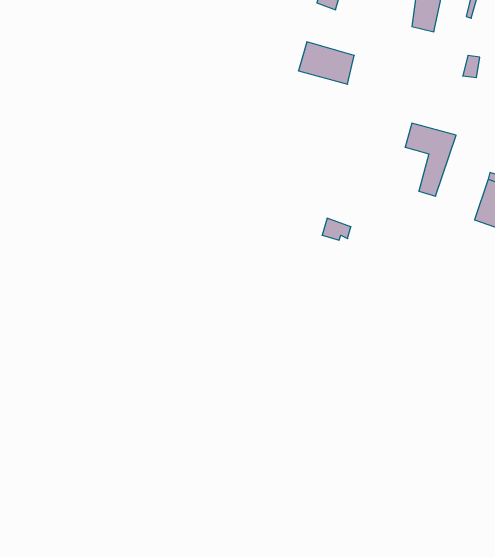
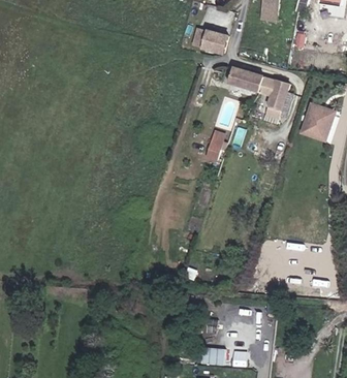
building: none -> [230,68,262,91]

